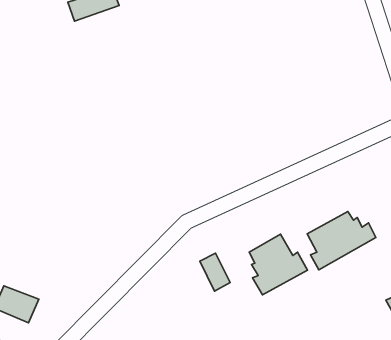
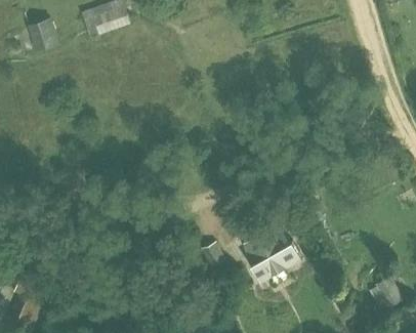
building: none -> [26,19,57,51]
building: [307,211,376,270] -> none

